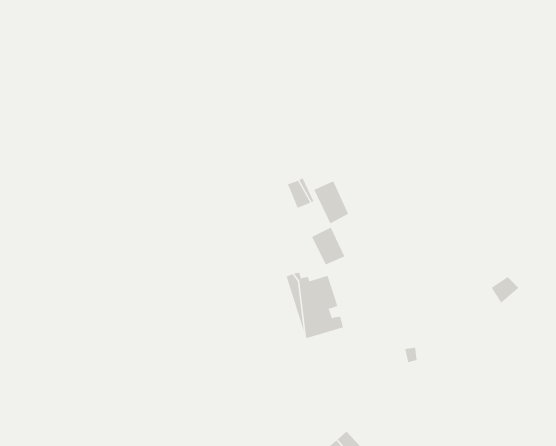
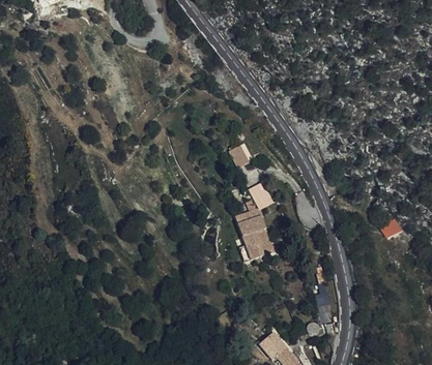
building: [314,181,349,224] -> none

